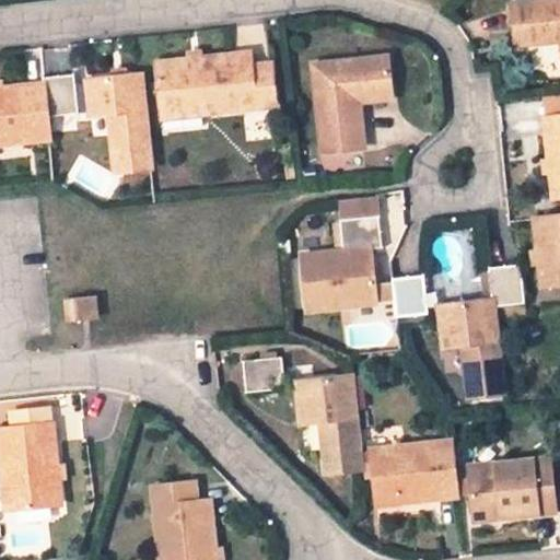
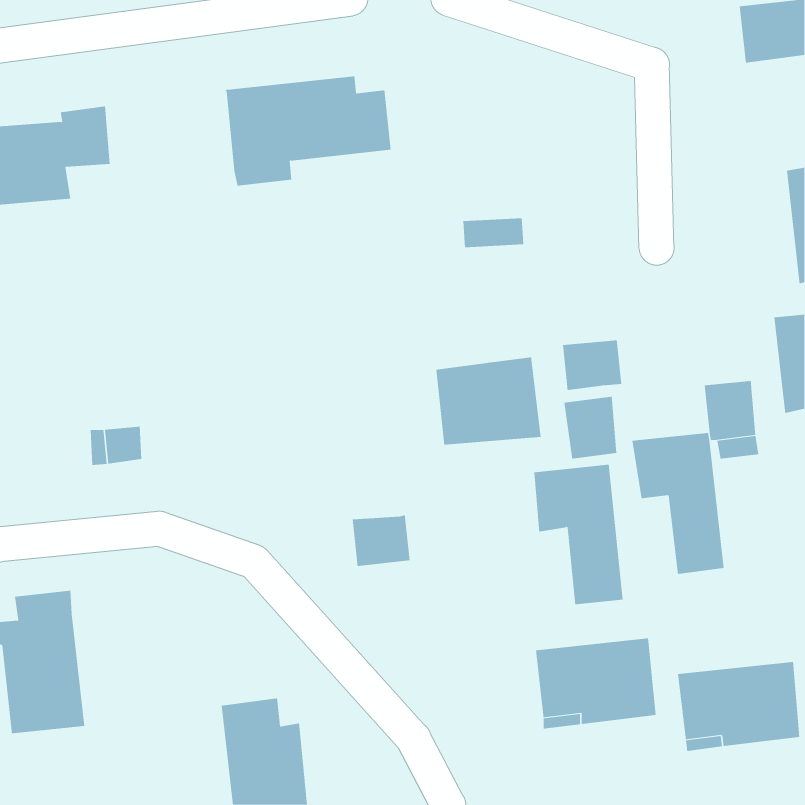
building: [313,58,389,151] -> none
building: [86,74,150,172] -> none
building: [340,215,382,250] -> [562,340,622,390]
building: [296,376,359,474] -> [534,464,624,605]

